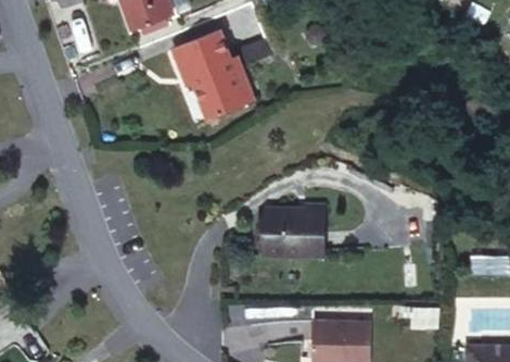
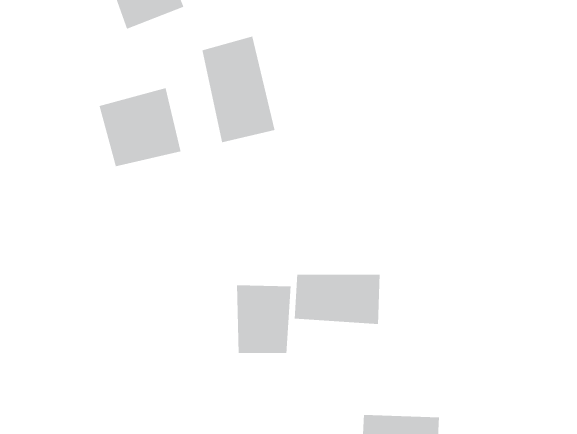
building: none -> [98,87,182,167]
building: none -> [236,284,292,354]

